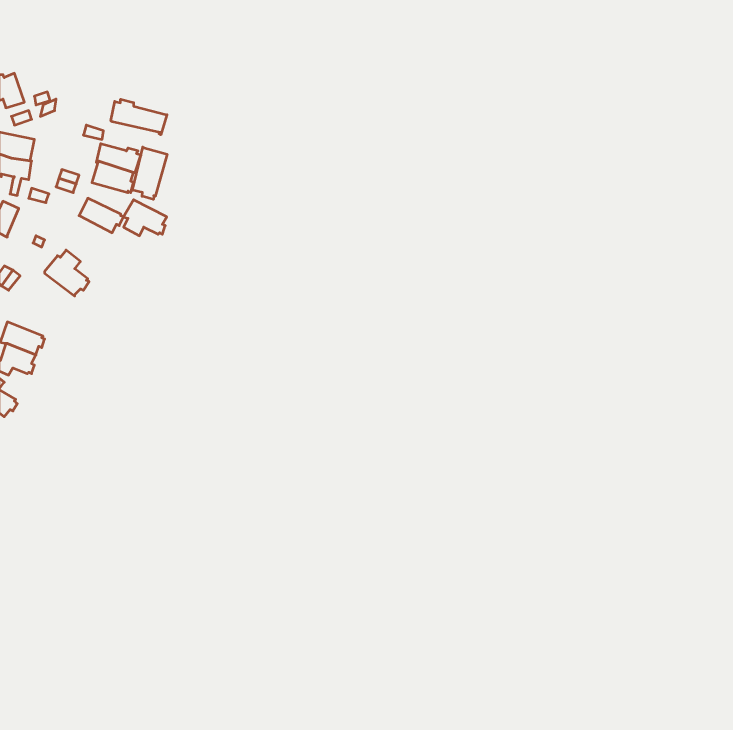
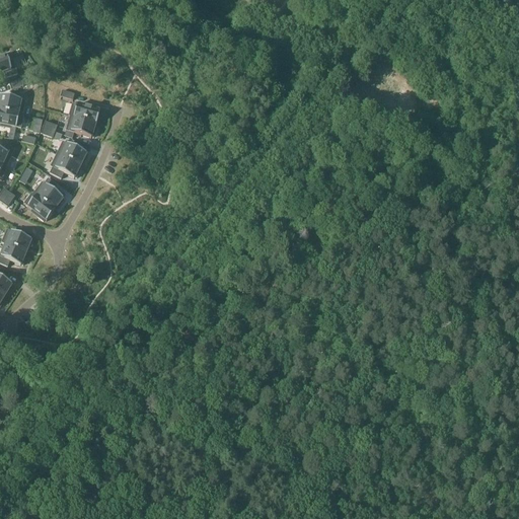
building: [111,99,167,135] -> none
building: [132,147,167,199] -> none
building: [124,200,167,236] -> [49,152,79,177]
building: none -> [22,191,54,219]

